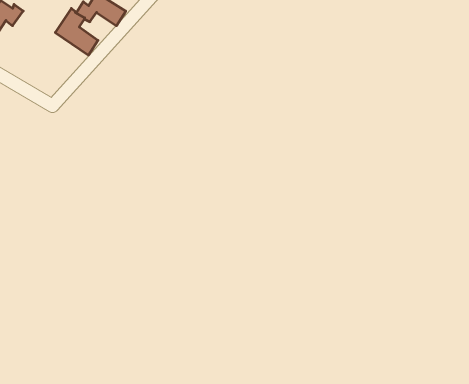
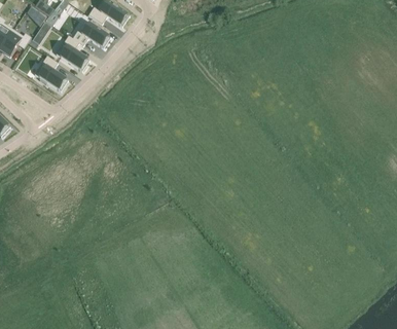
building: none -> [32,54,66,92]

